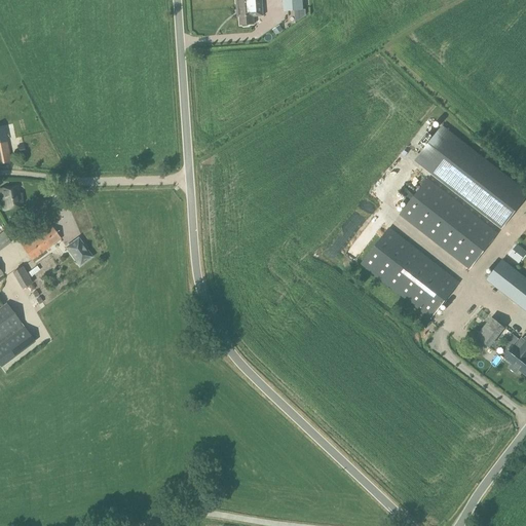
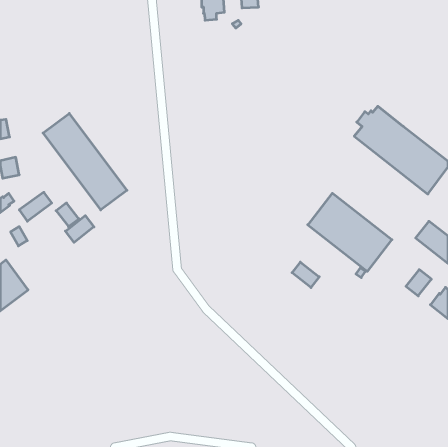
building: none -> [43,113,127,210]
building: [399,167,498,268] -> none
building: none -> [65,216,94,242]
building: none -> [292,262,319,288]

